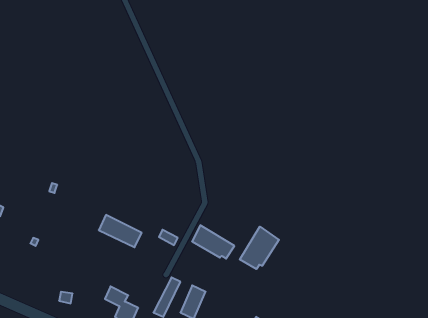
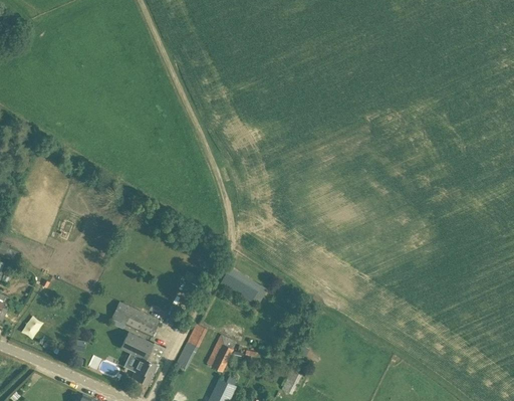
building: [99,215,142,247] -> [110,302,159,338]
building: [240,227,279,269] -> none

